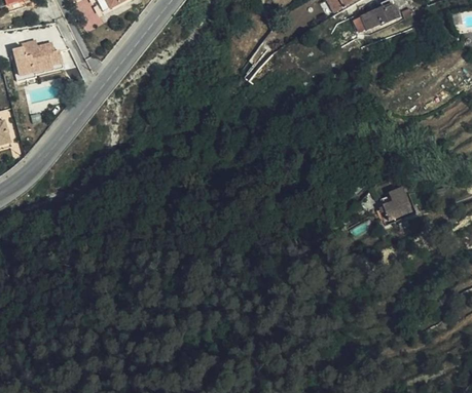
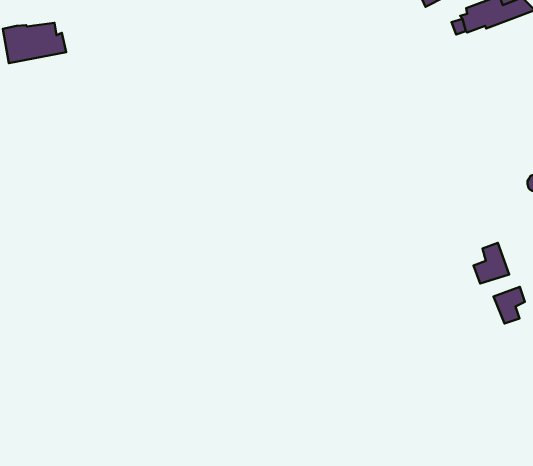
building: none -> [494,287,525,323]

